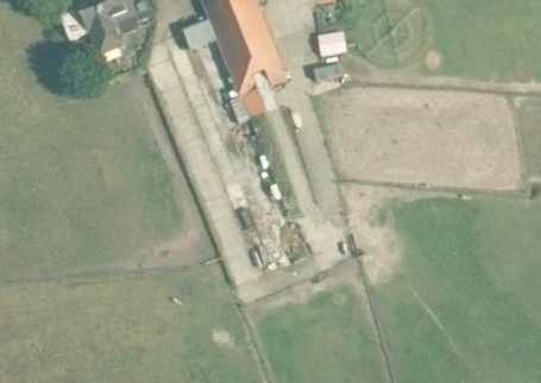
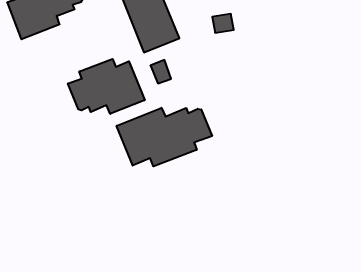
building: none -> [68,59,145,114]
building: none -> [117,108,212,166]

